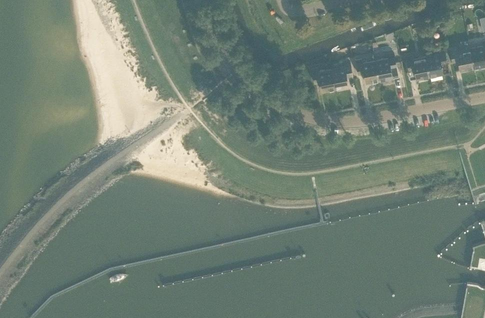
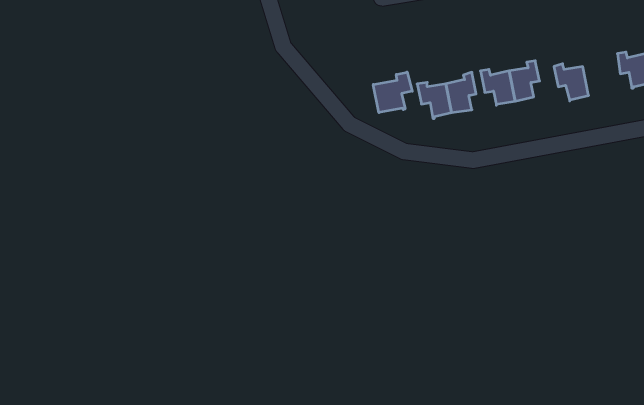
building: [426,49,447,77] -> none
building: none -> [373,72,412,113]

